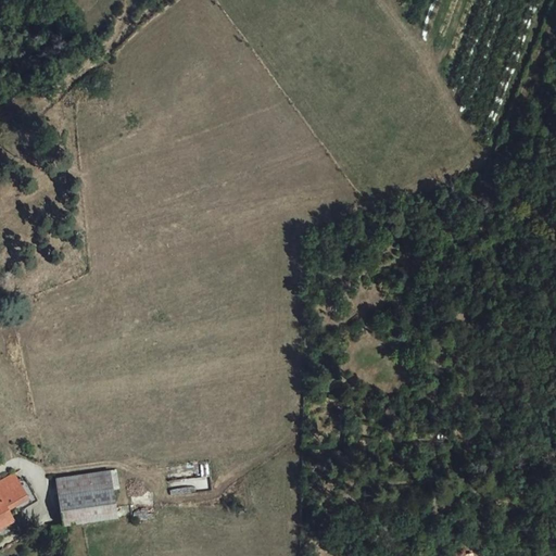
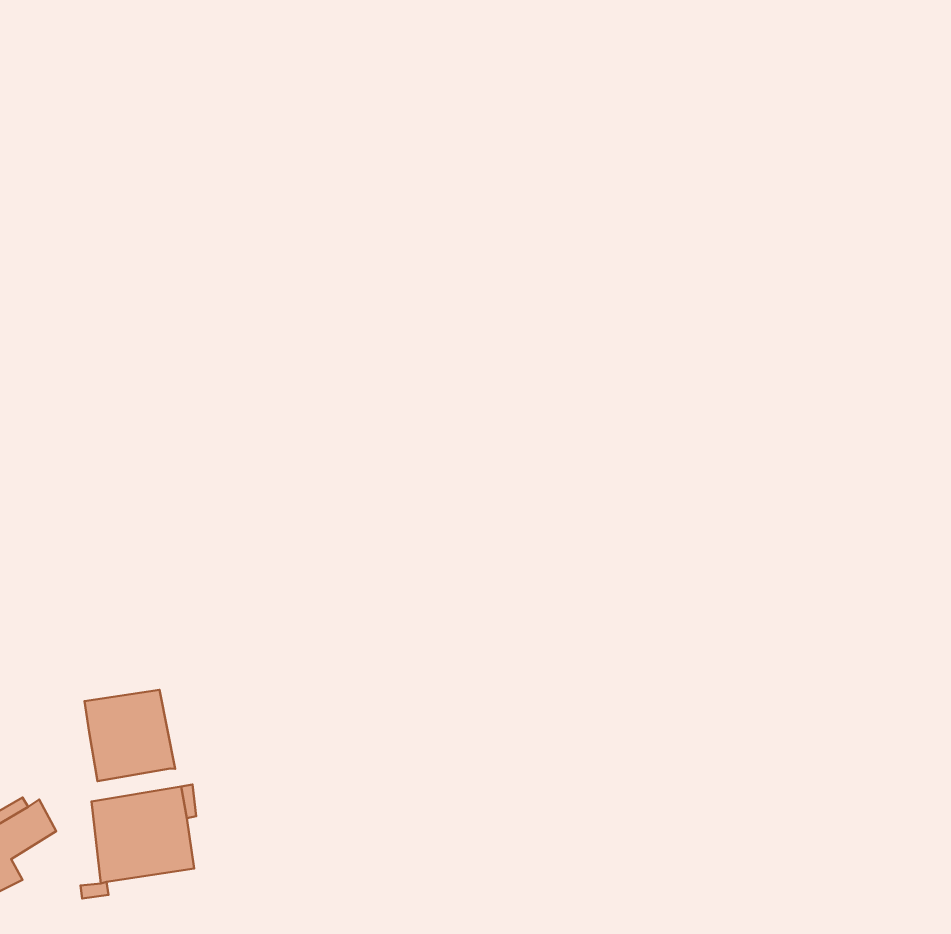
building: none -> [85,690,175,781]

